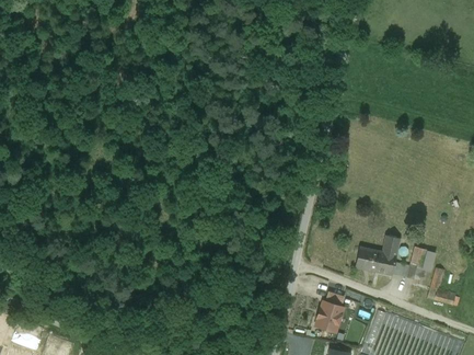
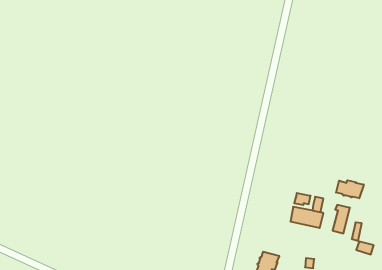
building: none -> [336,180,364,198]

